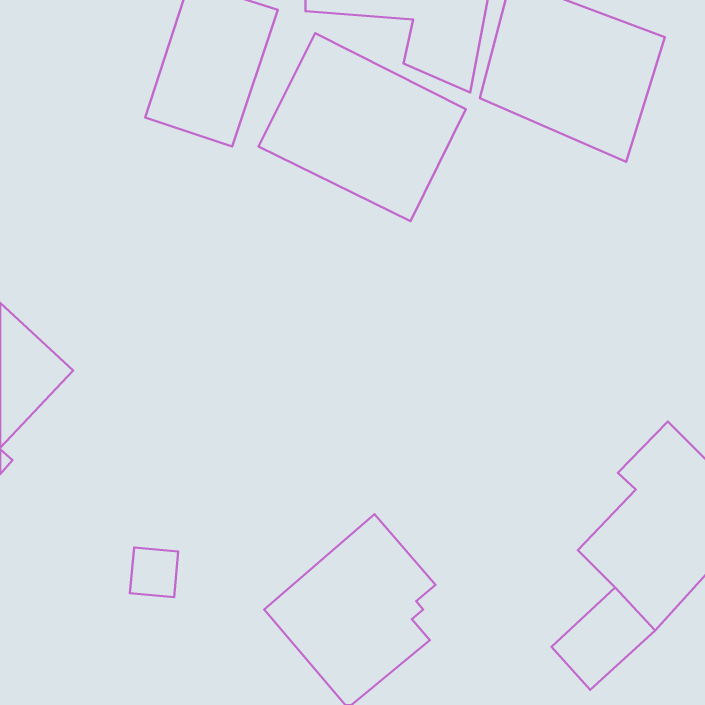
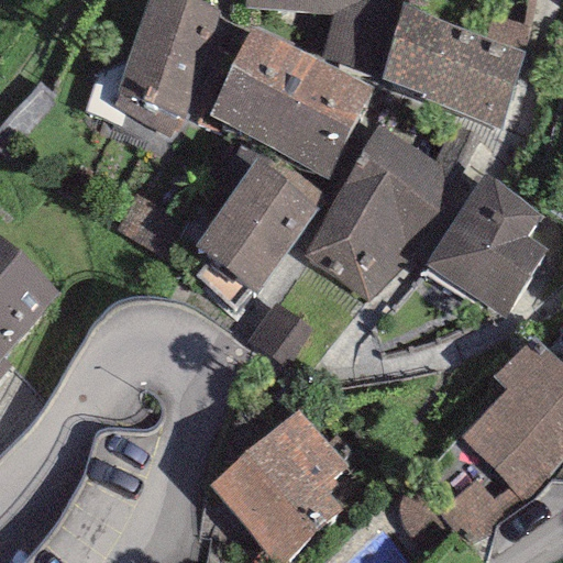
building: none -> [305,126,441,301]
building: none -> [194,151,323,291]
building: none -> [424,176,549,318]

